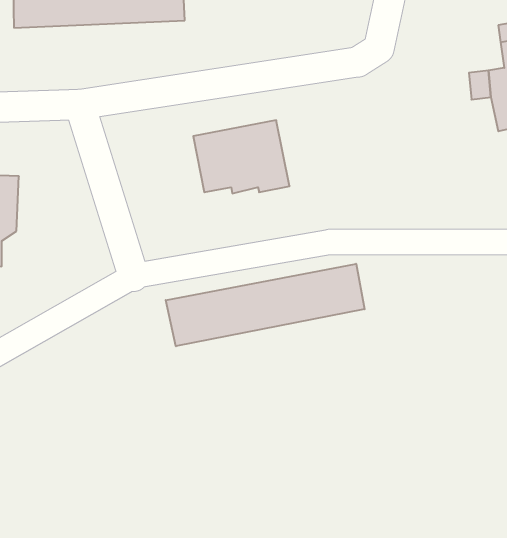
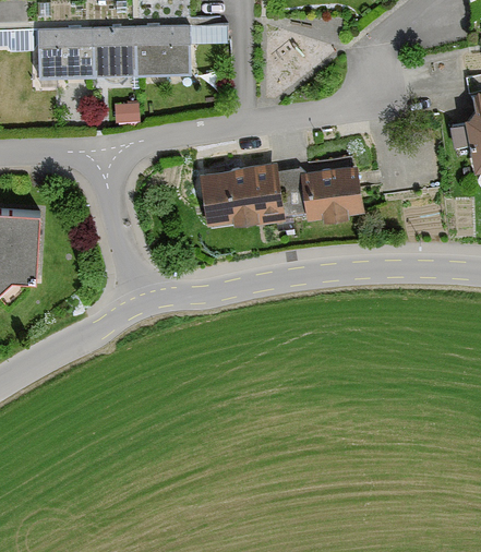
building: none -> [299,166,364,223]
building: [166,264,365,346] -> none

